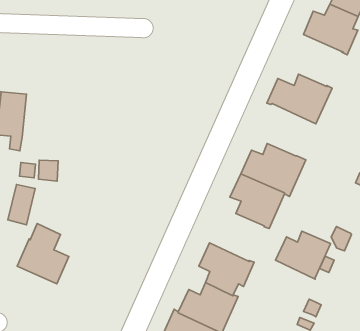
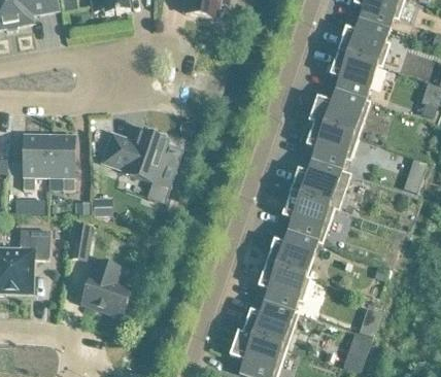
building: none -> [329,50,377,99]
building: none -> [102,129,183,204]
building: none -> [305,121,358,169]
building: [276,231,330,279] -> [266,231,317,276]

